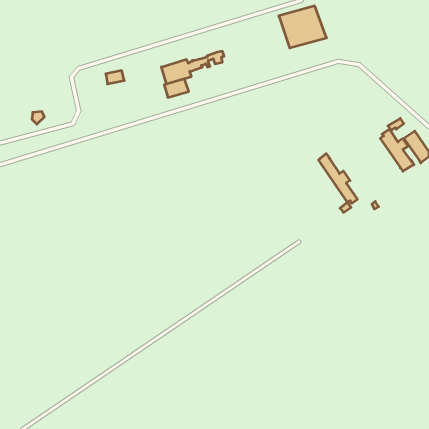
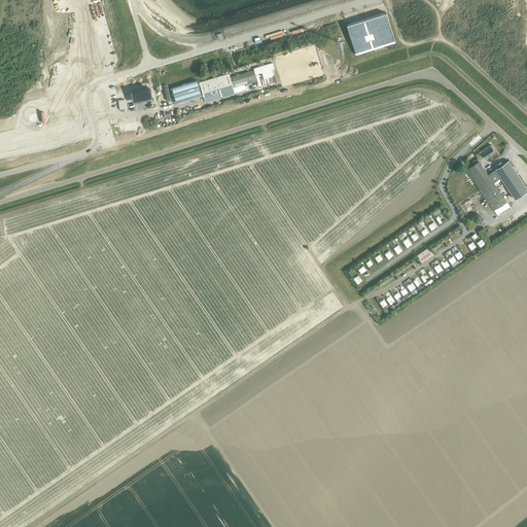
building: [164,79,189,97] -> [172,80,202,103]
building: [319,154,357,203] -> none

